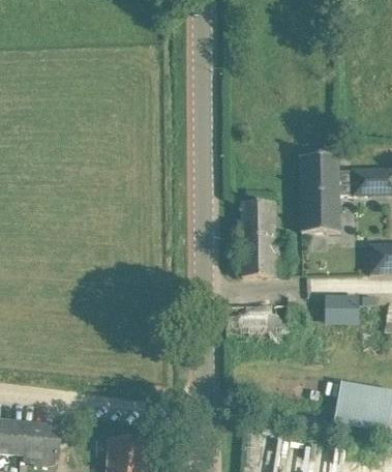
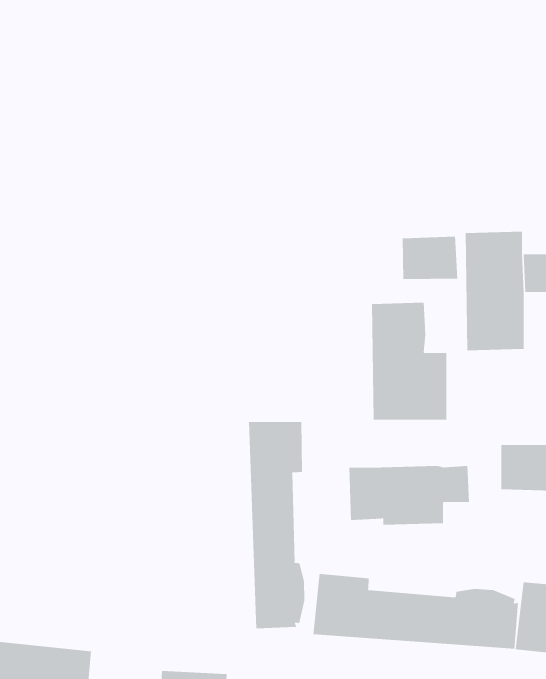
building: none -> [402,236,458,280]
building: none -> [249,421,305,629]
building: none -> [313,573,518,649]

